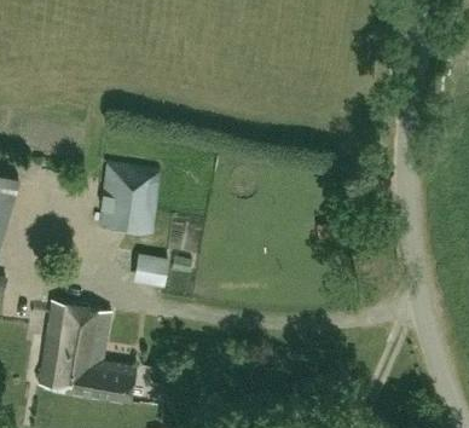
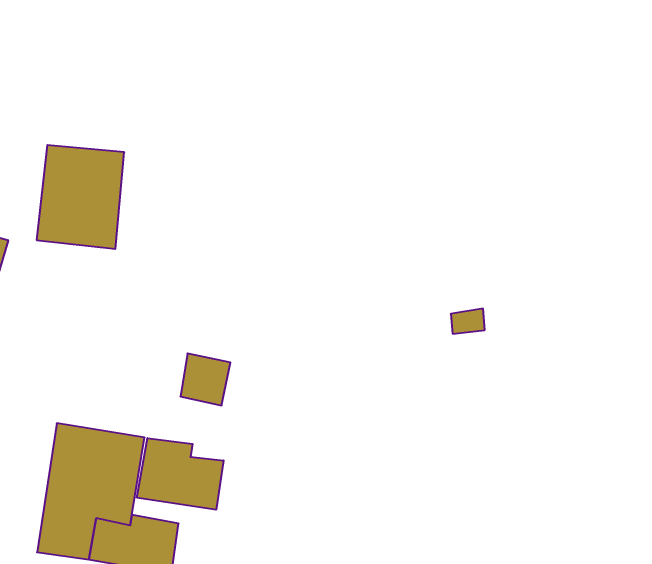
building: [99,163,158,233] -> [37,145,124,249]
building: none -> [137,438,224,510]

